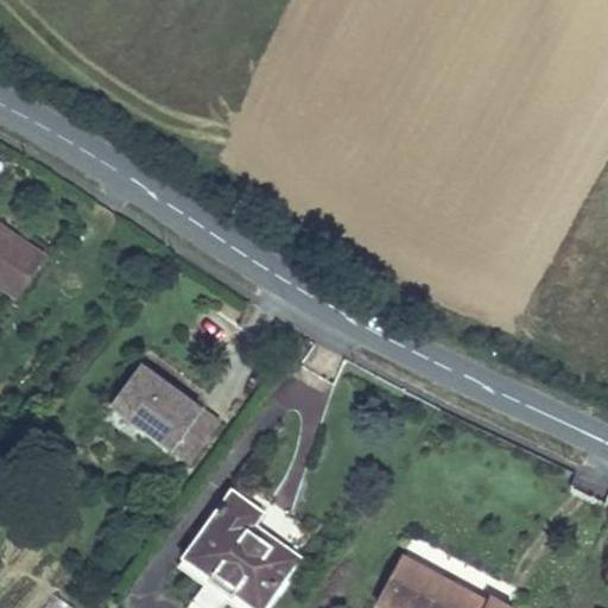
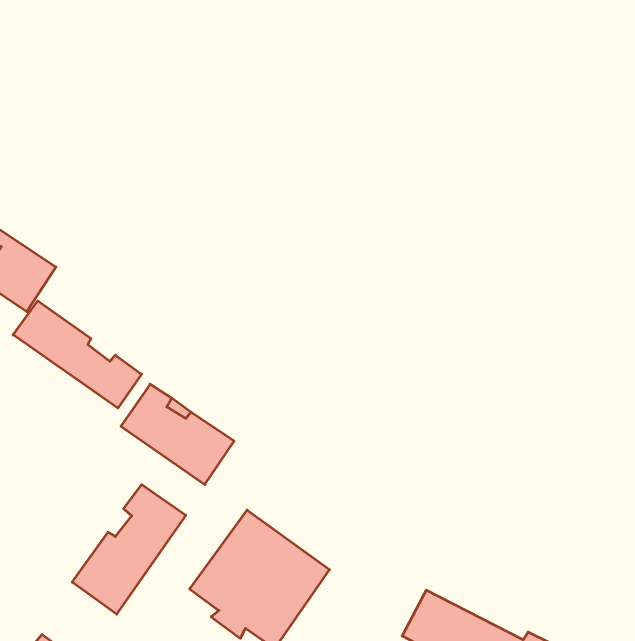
building: none -> [13,301,142,408]
building: none -> [72,485,186,614]

